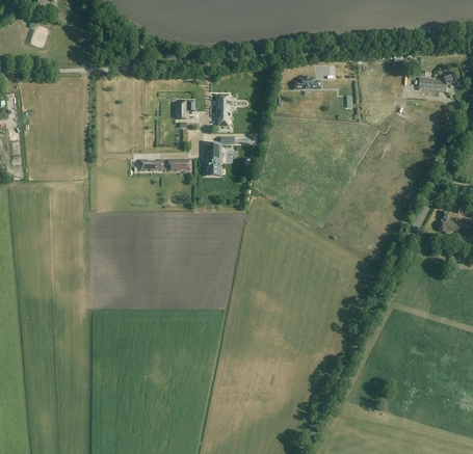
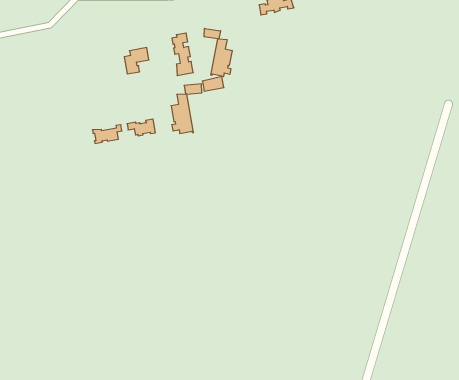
building: none -> [204,28,232,77]

